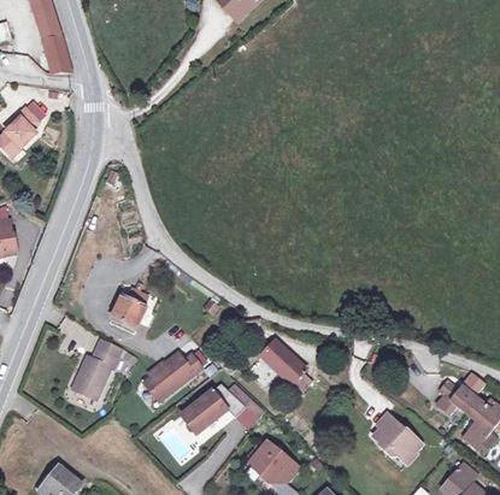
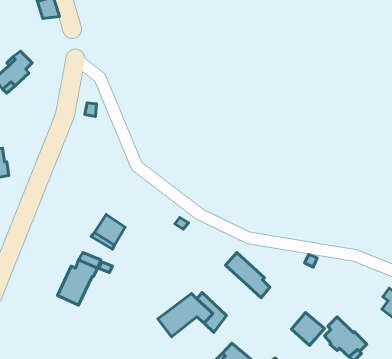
building: [143,353,200,400] -> none
building: none -> [292,312,324,346]

